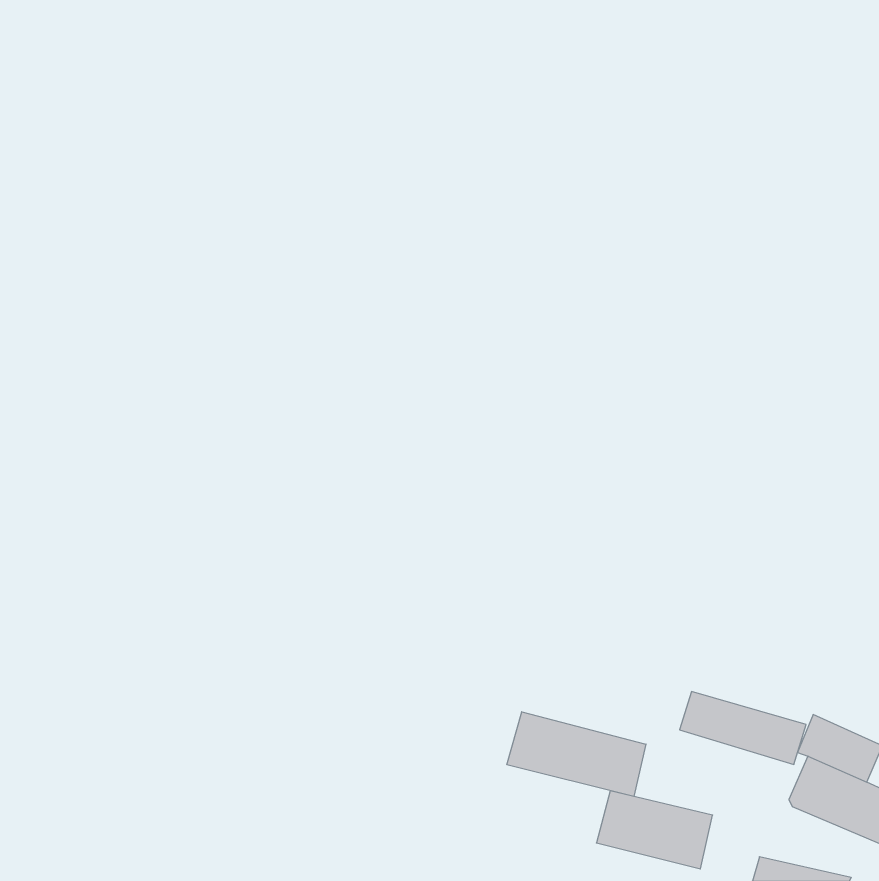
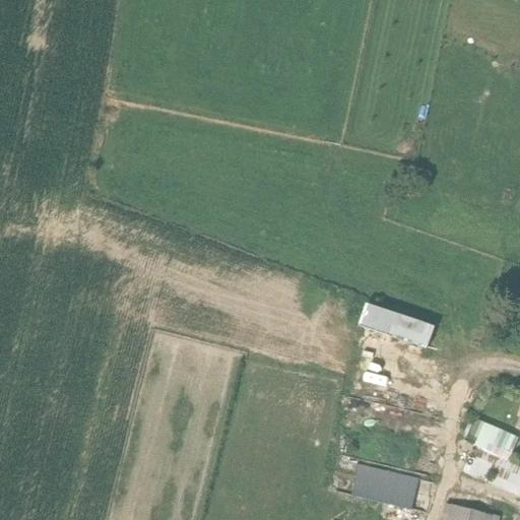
building: [680,692,806,764] -> [360,308,434,350]
building: [507,712,646,796] -> none

